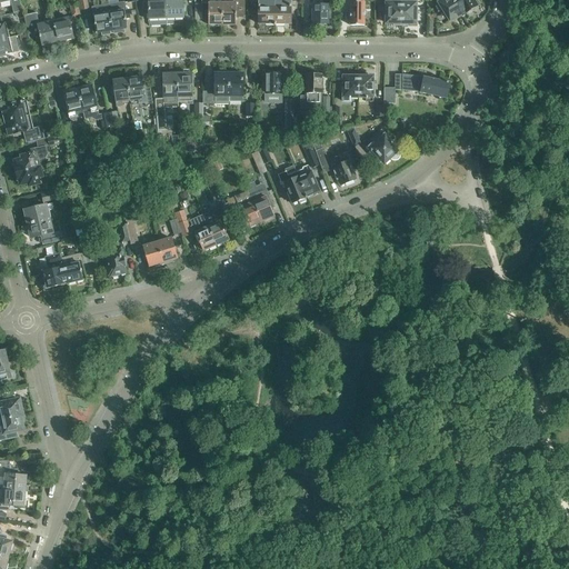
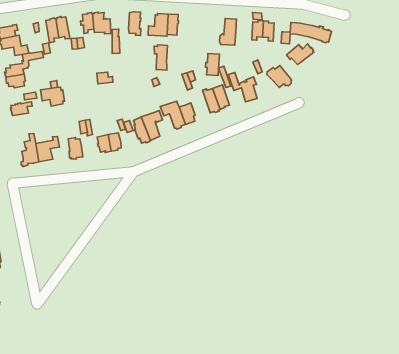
building: [262,71,280,100] -> [205,53,219,76]
building: [158,72,177,106] -> [154,45,167,70]
building: none -> [287,44,314,65]
building: [27,216,60,242] -> [41,87,65,106]

